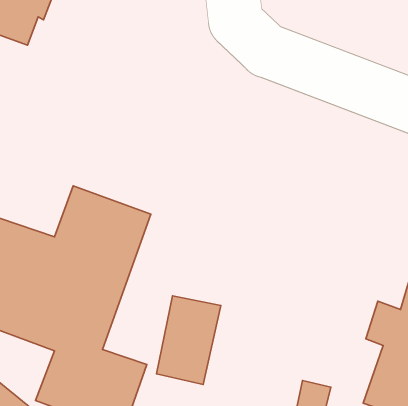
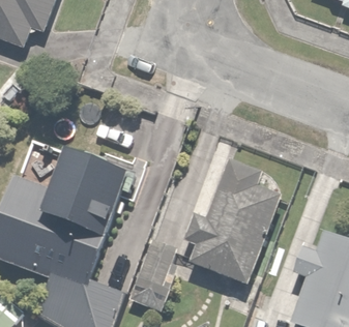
building: none -> [182,157,282,284]

